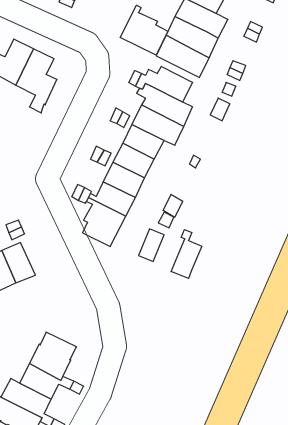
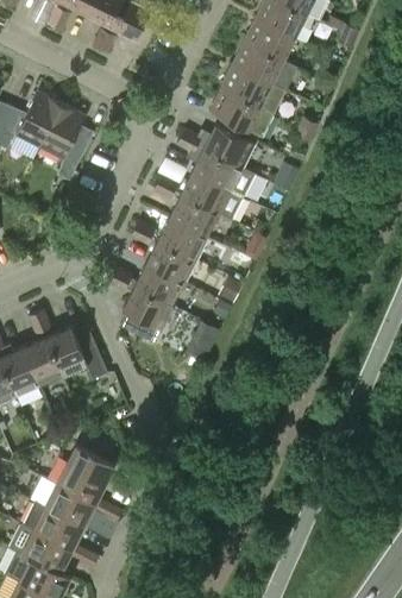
building: [120,5,168,55] -> none
building: [171,230,202,278] -> none
building: none -> [45,325,107,379]

